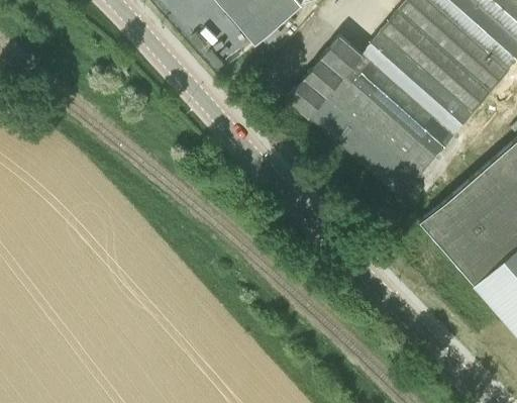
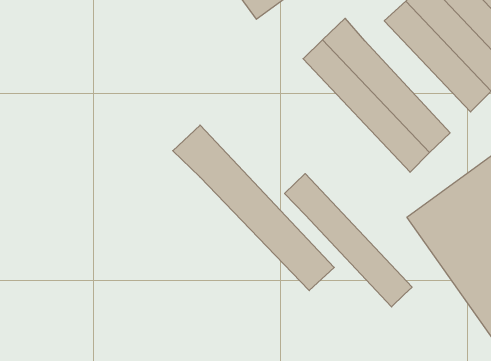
building: [363,33,473,136] -> none
building: [286,78,419,200] -> [285,174,412,307]
building: none -> [173,125,334,291]

